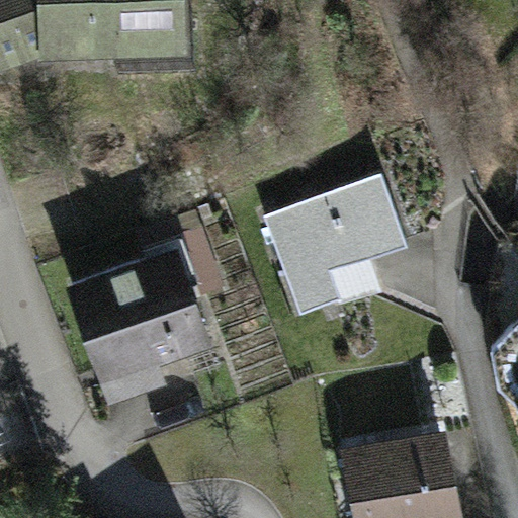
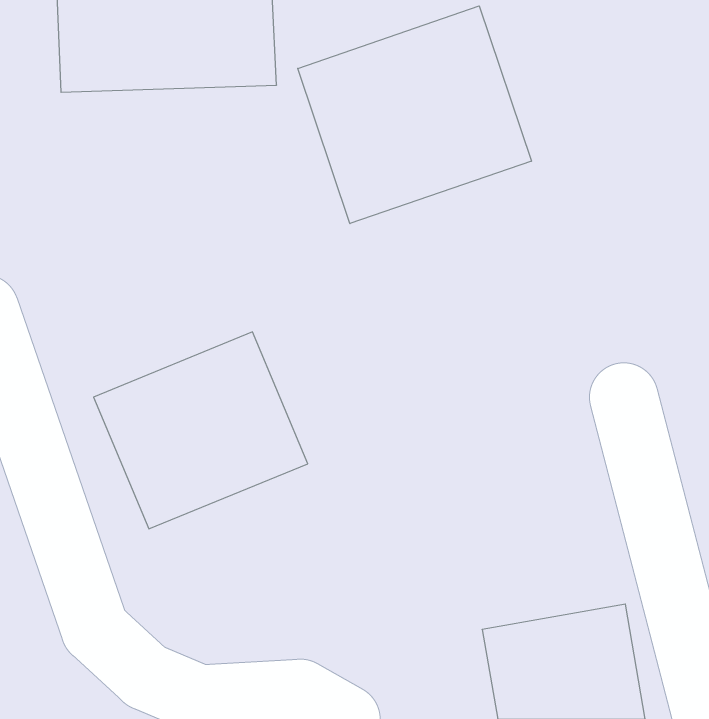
building: none -> [298,6,531,224]
building: [256,175,405,326] -> none

